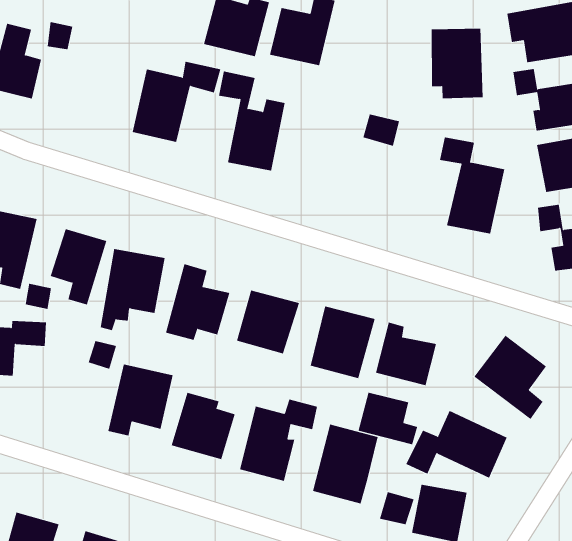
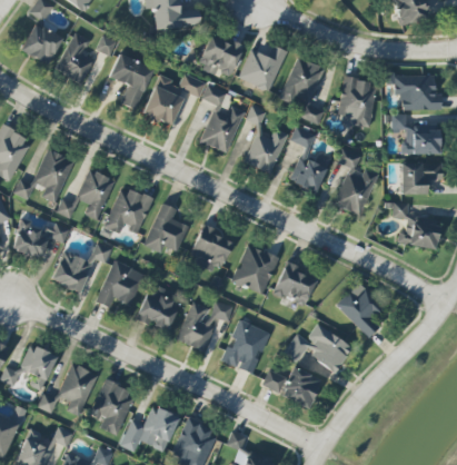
building: none -> [280,57,325,125]
building: none -> [109,53,153,109]
building: none -> [244,106,288,174]
building: none -> [290,152,330,191]
building: none -> [51,251,91,291]
building: [358,392,418,445] -> none

